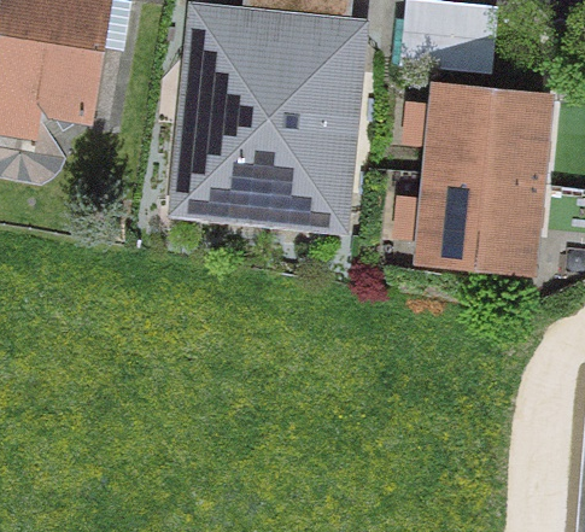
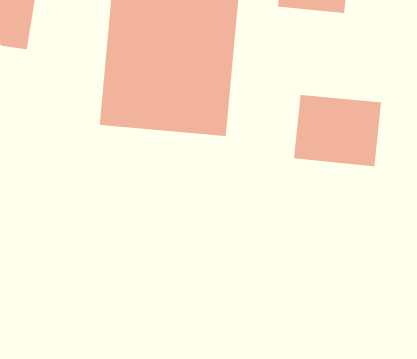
building: [434,92,545,183] -> none

